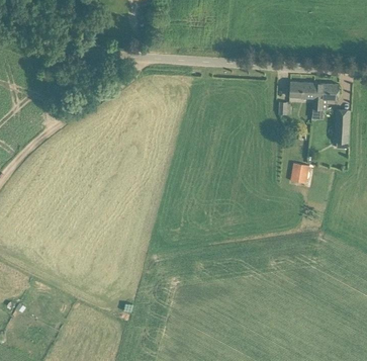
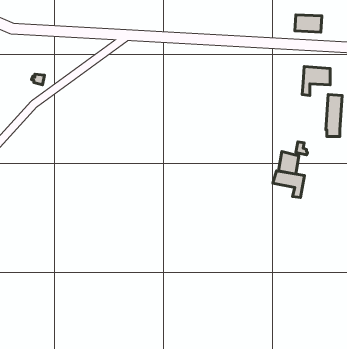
building: [289,82,314,98] -> [295,15,322,32]
building: none -> [273,171,305,198]

